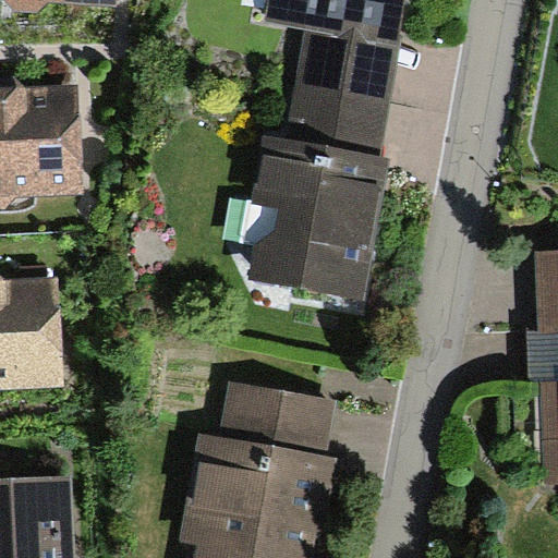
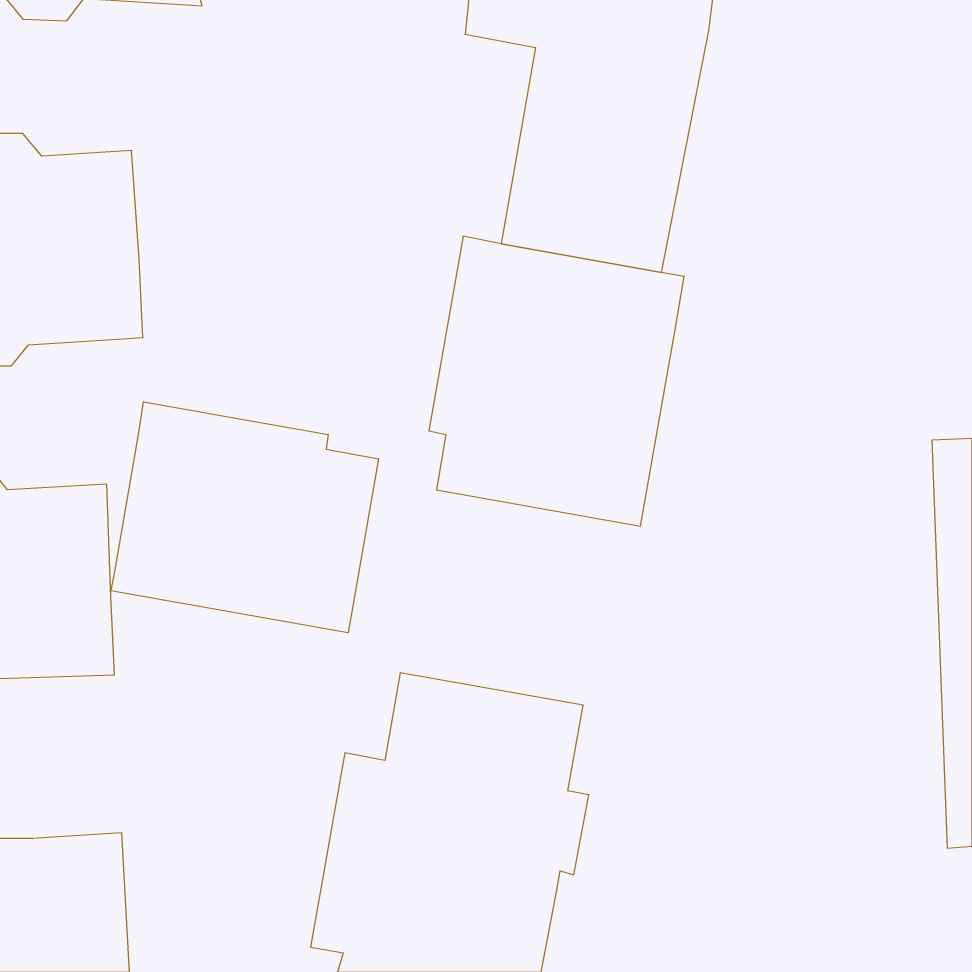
building: none -> [111,402,379,633]

